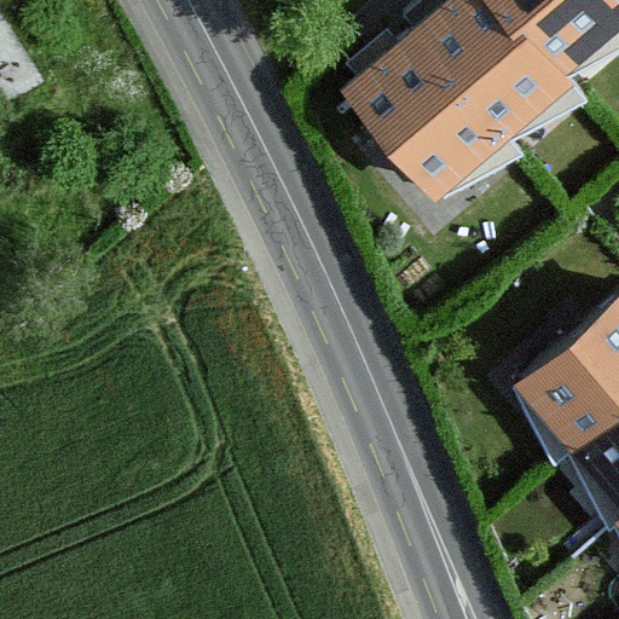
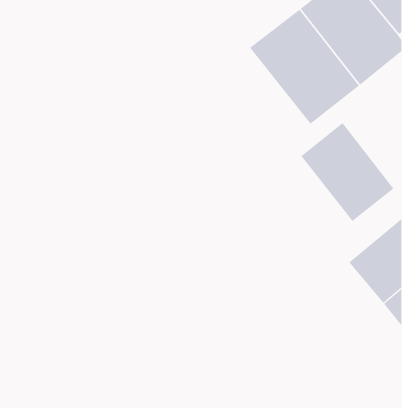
building: none -> [301,122,394,222]

